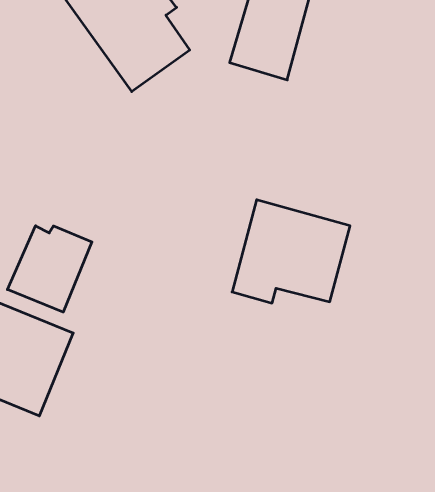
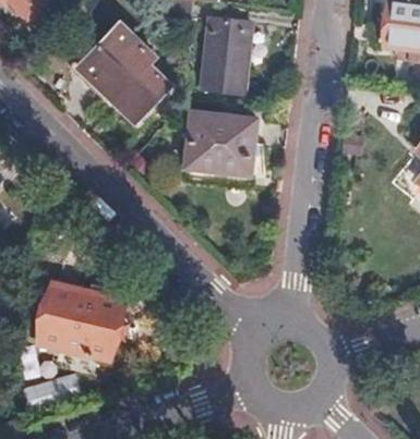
building: [232,200,350,303] -> [182,113,257,184]
building: [7,226,92,312] -> none

